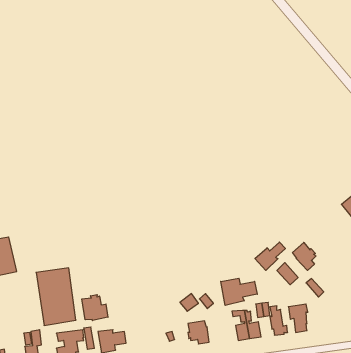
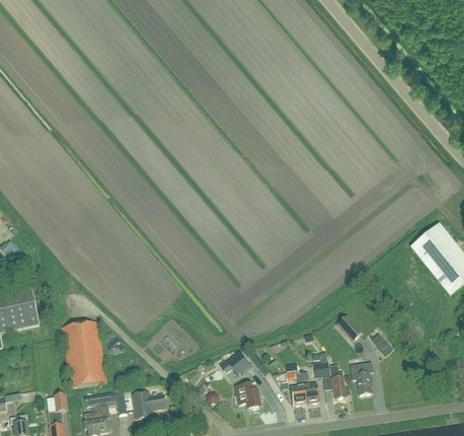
building: [255,242,285,270] -> none
building: [293,242,316,270] -> none
building: [221,278,257,305] -> none
building: [82,295,108,321] -> none

